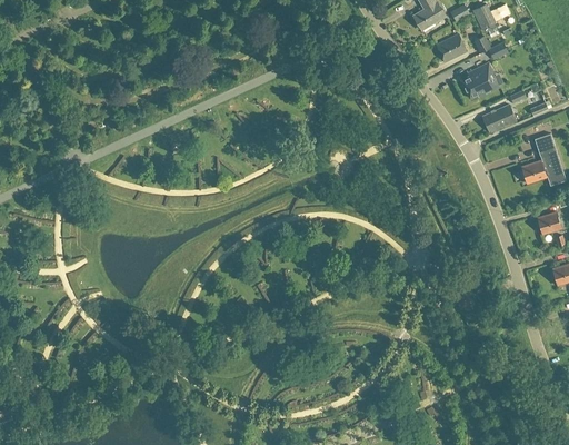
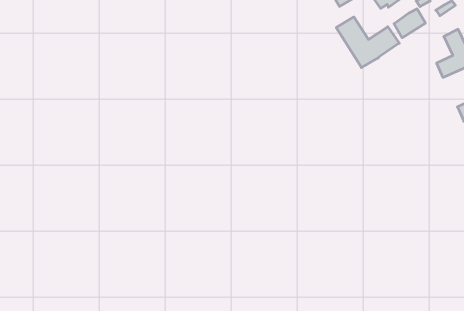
building: none -> [336,17,399,68]

